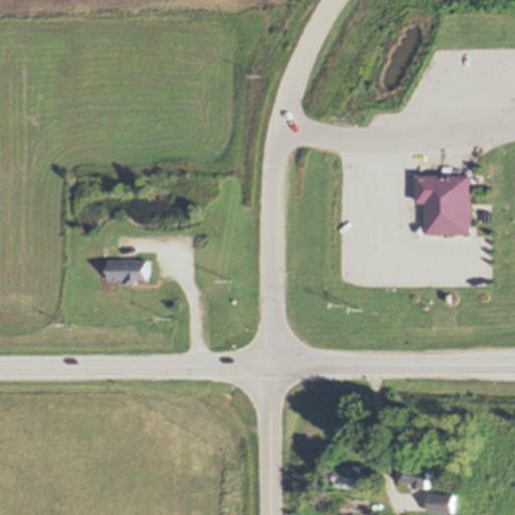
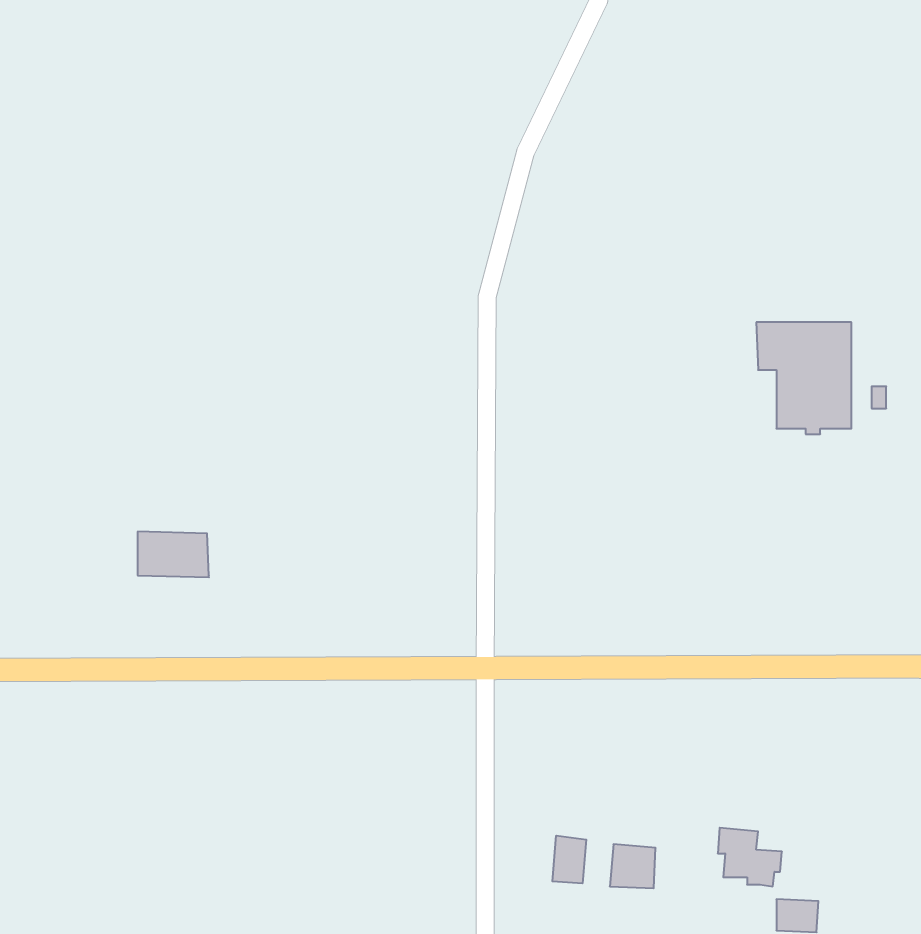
building: [105,258,144,283] -> [138,532,209,577]
building: none -> [552,836,586,883]

